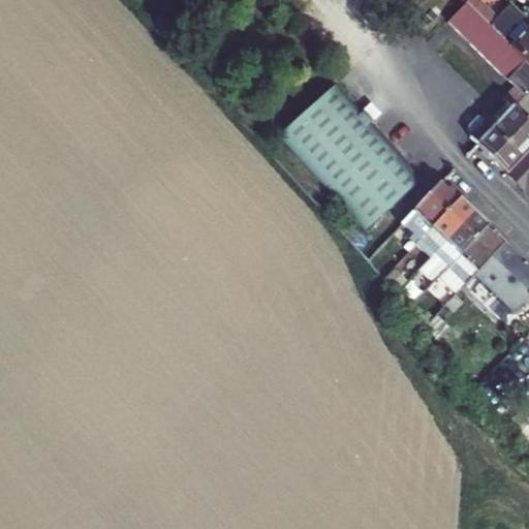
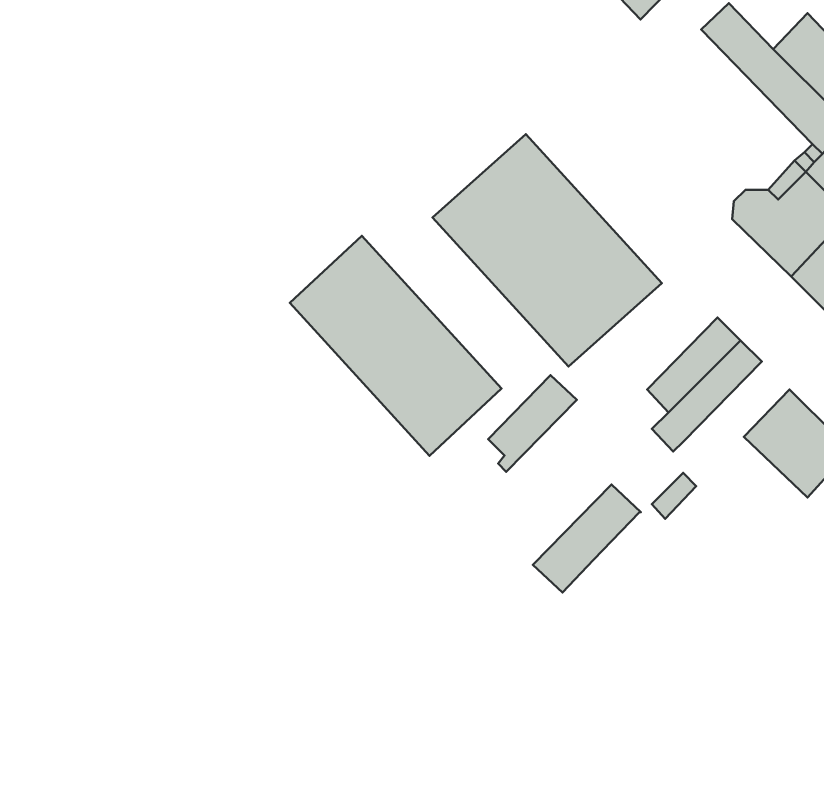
building: none -> [290,236,501,456]
building: [405,185,461,246] -> [488,375,577,472]
building: [439,228,507,297] -> [533,485,641,593]

